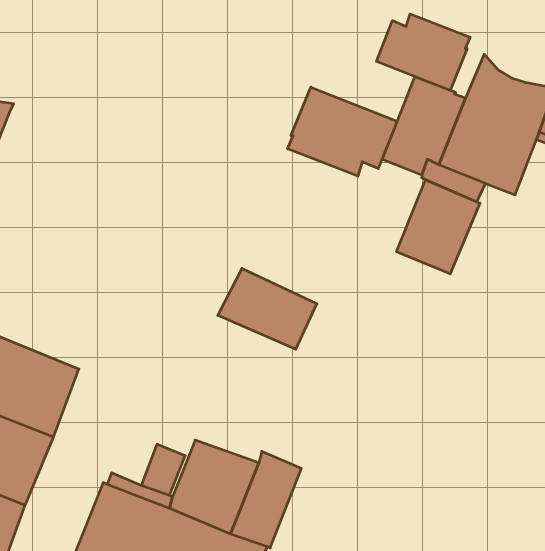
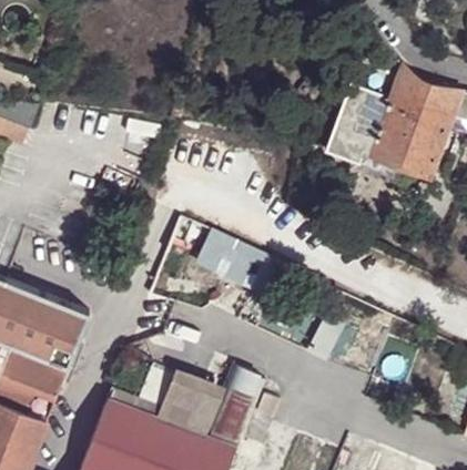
building: [376,14,470,90] -> none
building: [288,87,397,176] -> none
building: [397,180,480,274] -> none

